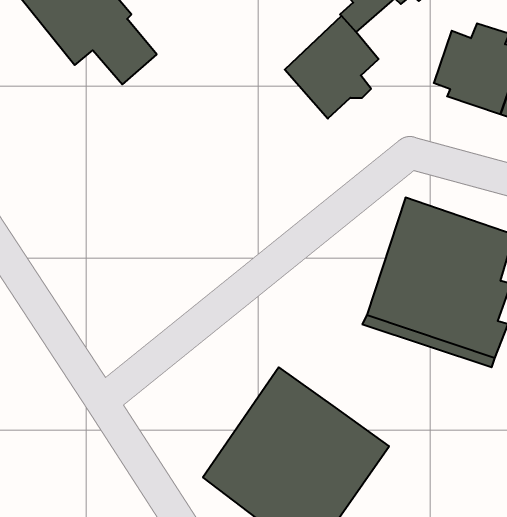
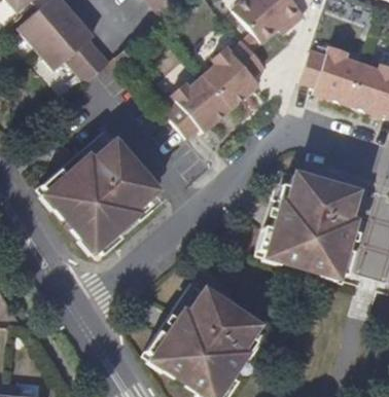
building: none -> [163,72,229,140]
building: none -> [43,132,172,261]

